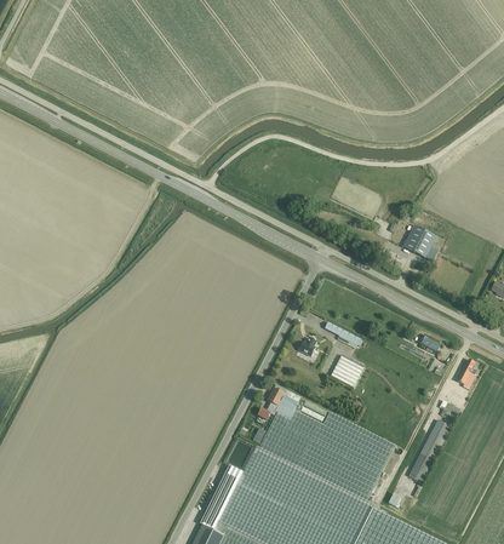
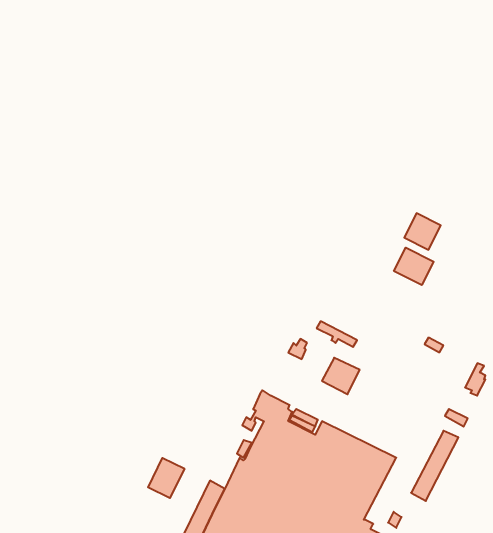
building: none -> [394,248,434,285]
building: none -> [148,458,184,498]

